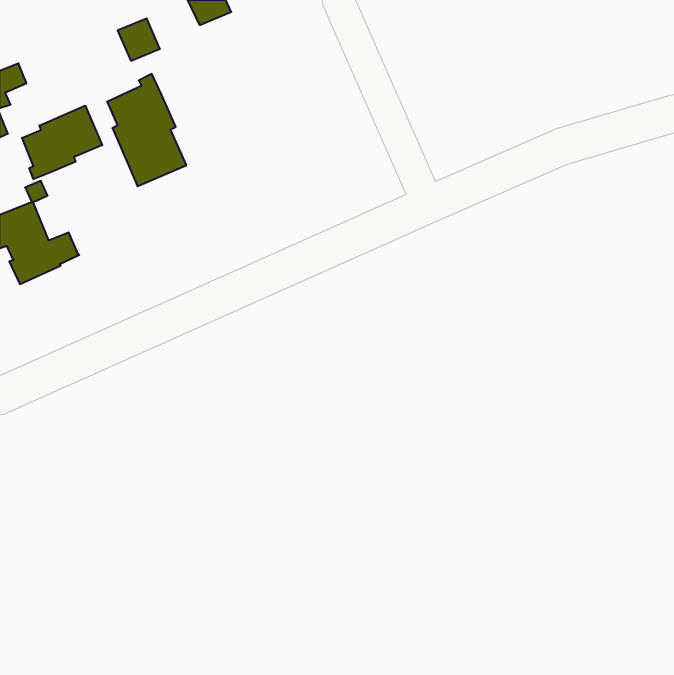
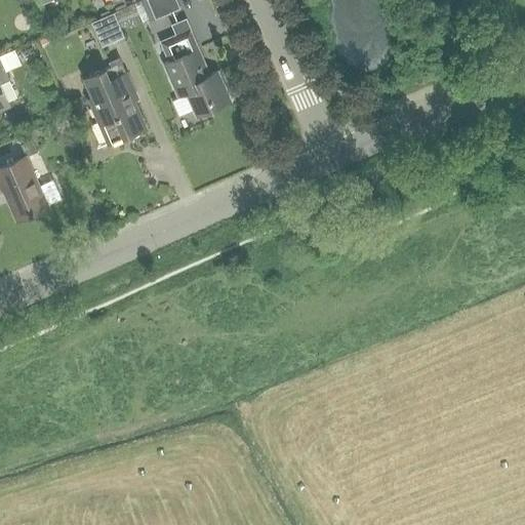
building: none -> [160,21,229,116]
building: [22,106,102,179] -> none

